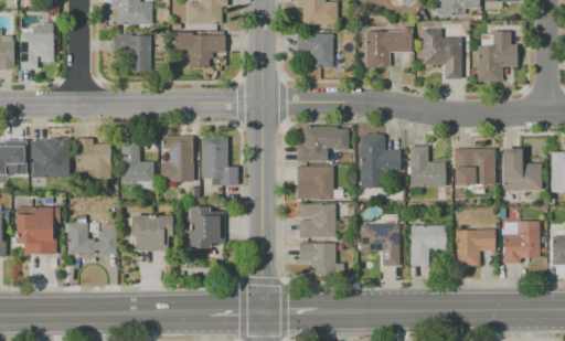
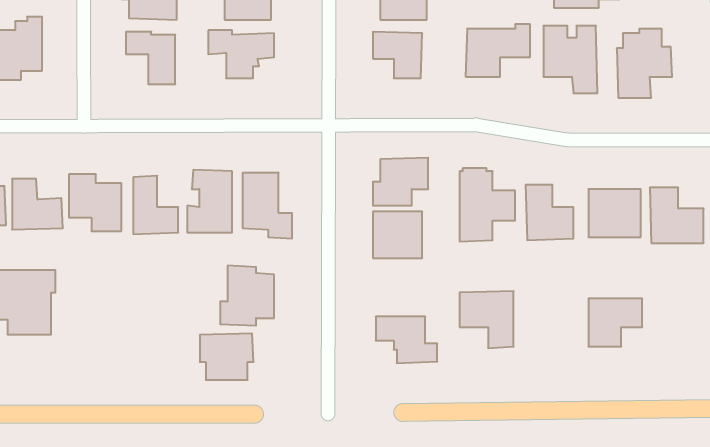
building: [299,204,337,238] -> none
building: [499,207,540,263] -> none
building: [130,216,170,251] -> [200,333,254,380]
building: [71,224,120,255] -> none
building: [409,225,447,266] -> none

